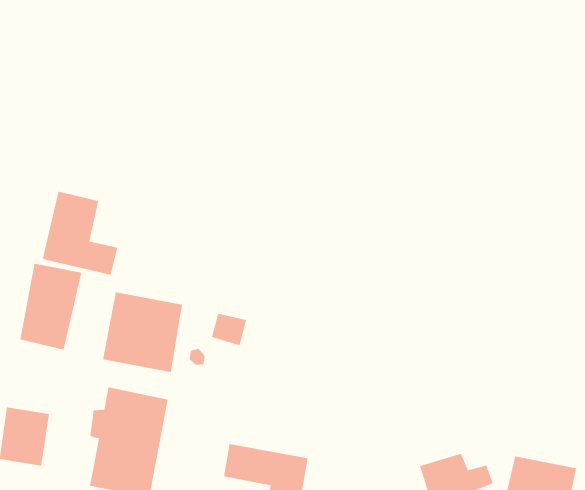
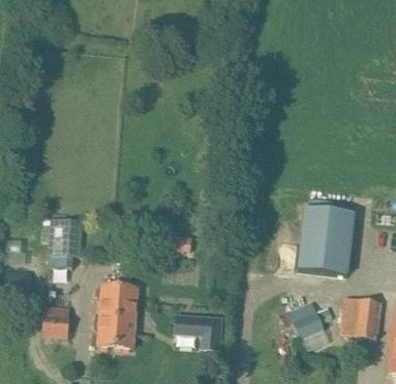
building: [42,191,118,275] -> none
building: [103,291,182,373] -> none
building: none -> [297,208,355,274]

